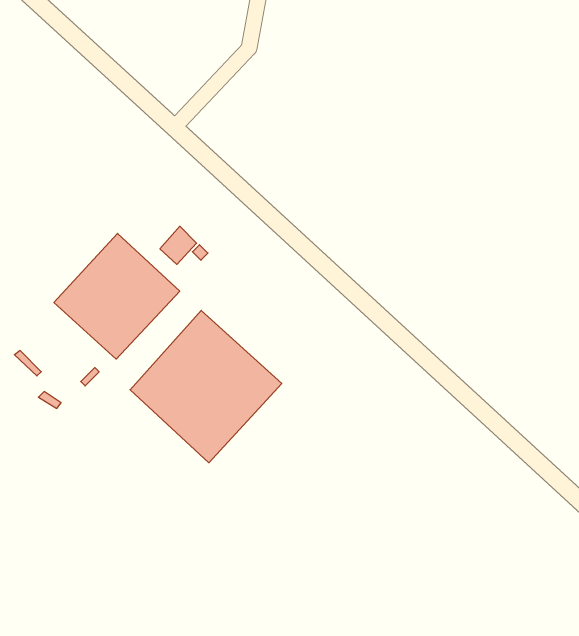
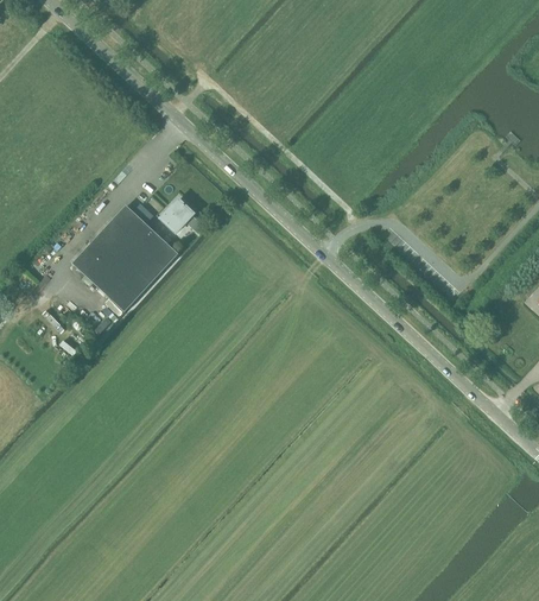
building: [130,310,282,463] -> none

